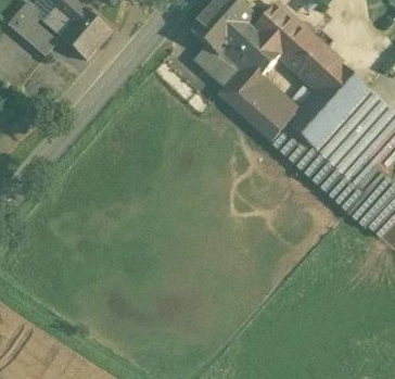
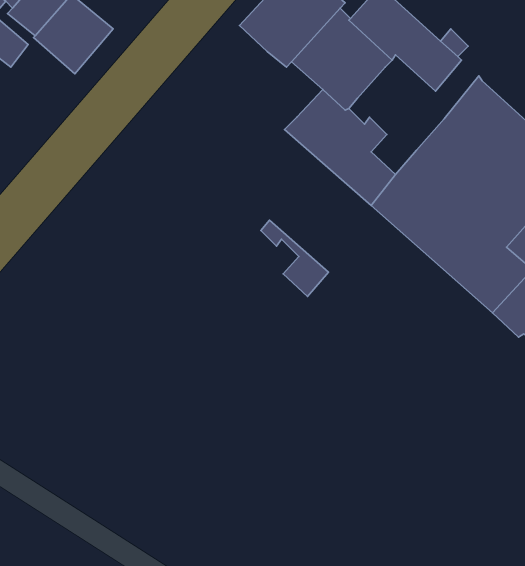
building: [193,43,240,85] -> none
building: [279,46,337,86] -> none
building: [256,73,298,121] -> [261,220,328,296]

